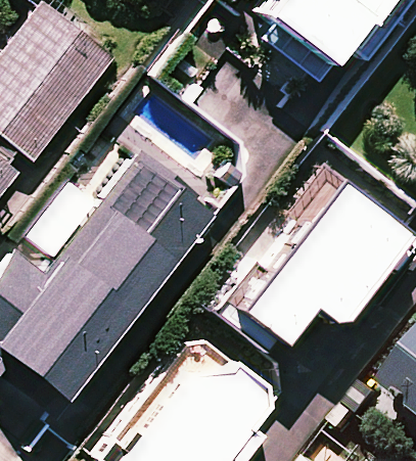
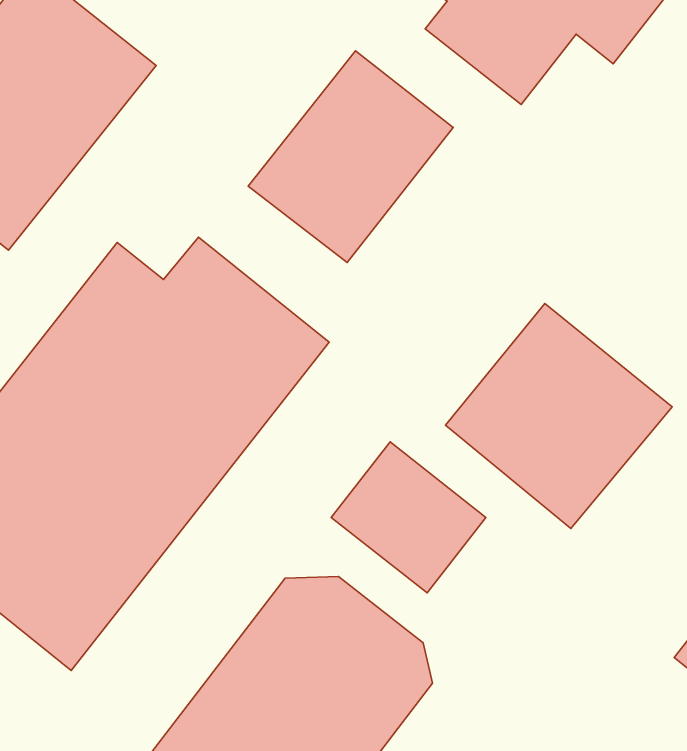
building: none -> [248,51,453,262]

